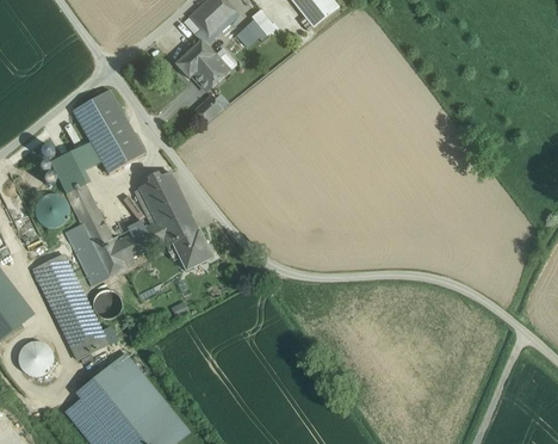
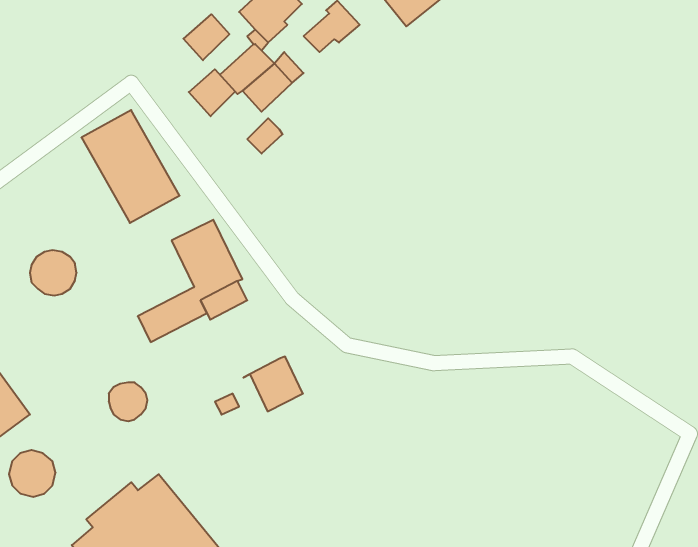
building: none -> [183,14,229,60]
building: none -> [189,69,235,116]
building: [49,142,126,284] -> none
building: [167,228,211,269] -> [243,357,303,411]
building: [32,253,107,358] -> none

